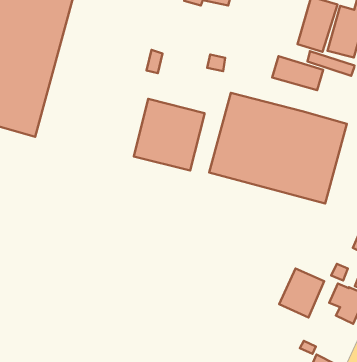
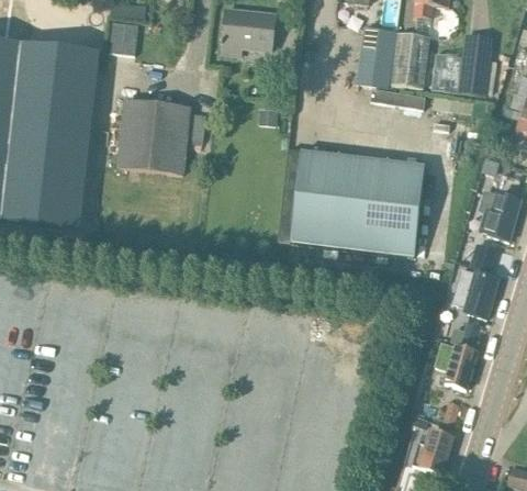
building: [272,56,323,90] -> none
building: [134,99,205,171] -> [117,100,190,174]
building: [279,268,324,317] -> none

